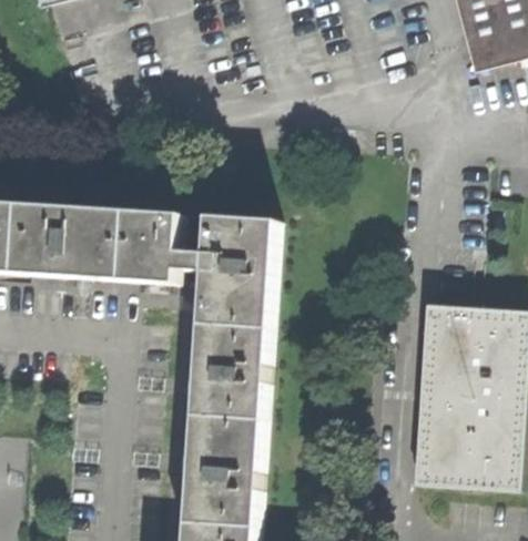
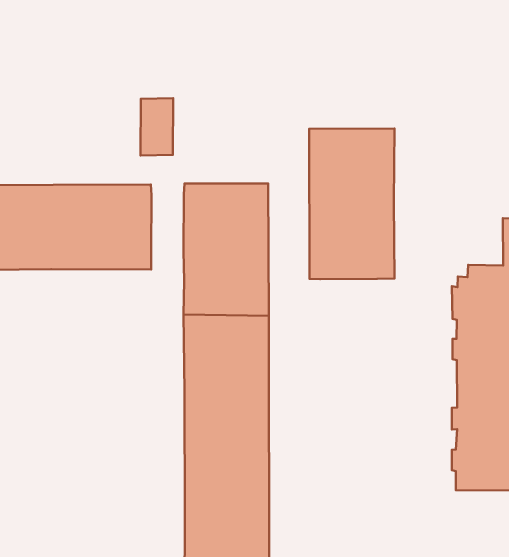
building: none -> [309,129,395,279]
building: [176,222,206,269] -> [140,98,173,156]

